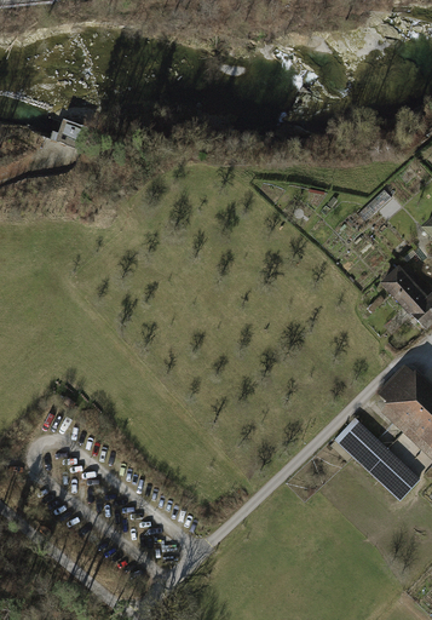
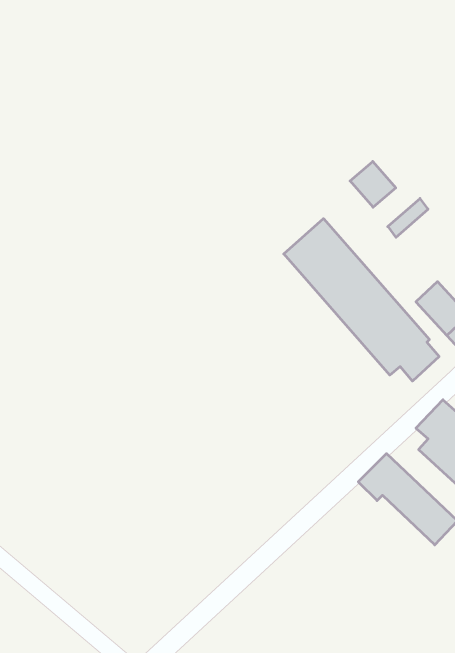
building: none -> [350,161,396,207]
building: none -> [284,219,439,381]

